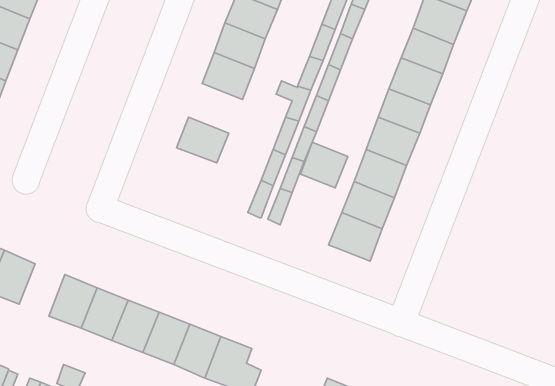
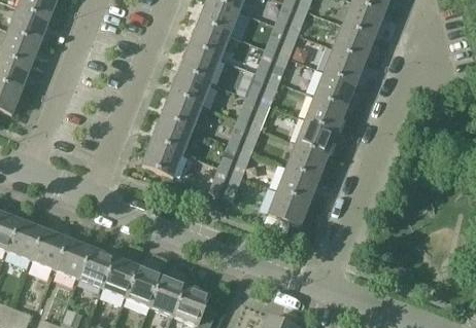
building: none -> [162,92,203,130]
building: [300,142,348,188] -> none
building: none -> [143,141,183,178]
building: none -> [32,229,67,269]

